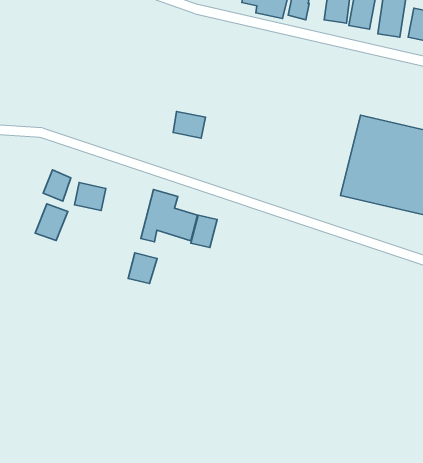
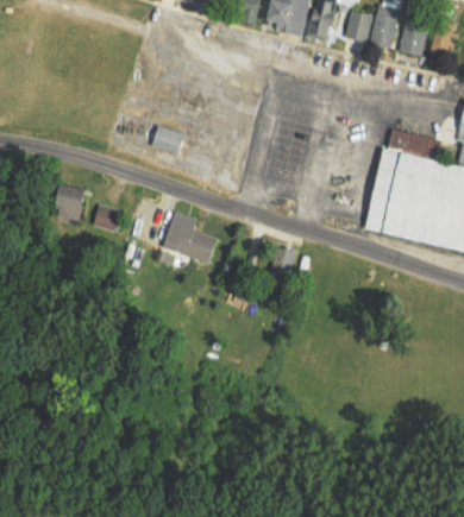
building: [173,111,206,138] -> [151,127,184,155]
building: [35,204,68,241] -> none
building: [191,215,217,248] -> none
building: [128,253,157,283] -> none

